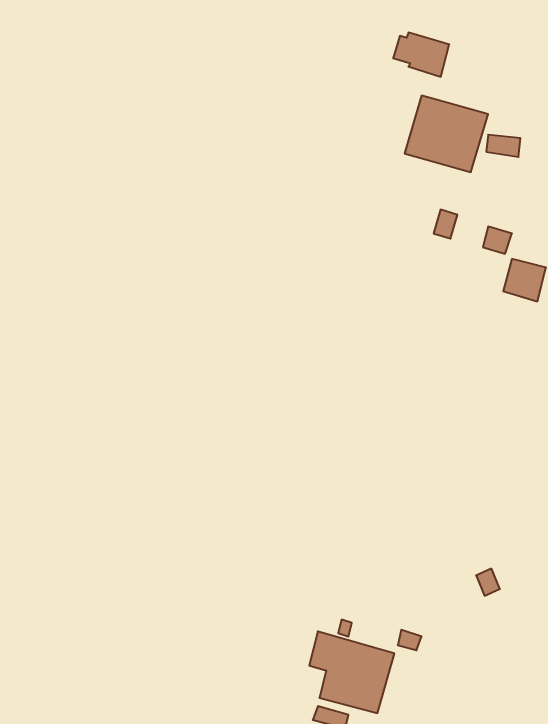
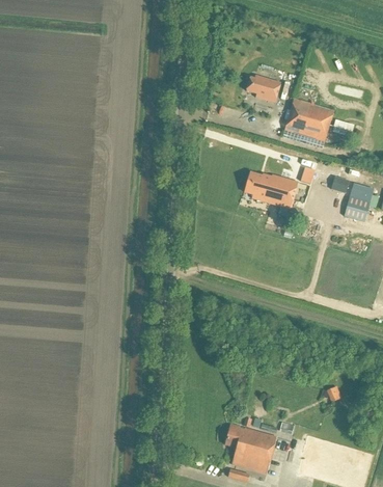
building: [393,33,449,77] -> [246,75,280,102]
building: none -> [244,172,298,208]

